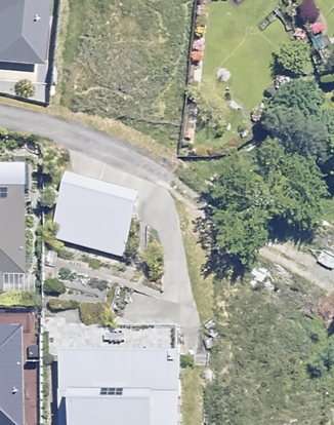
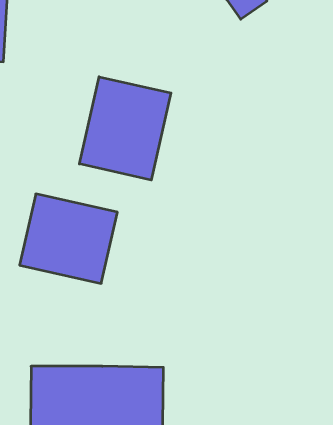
building: none -> [79,77,171,180]

